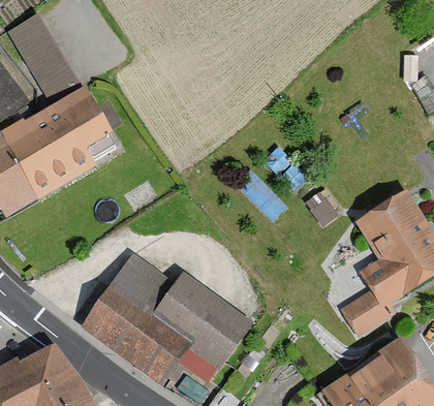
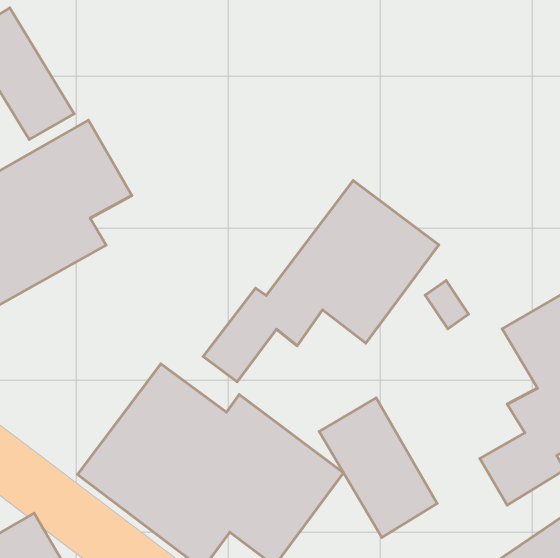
building: none -> [203,180,439,382]
building: none -> [319,398,437,538]

